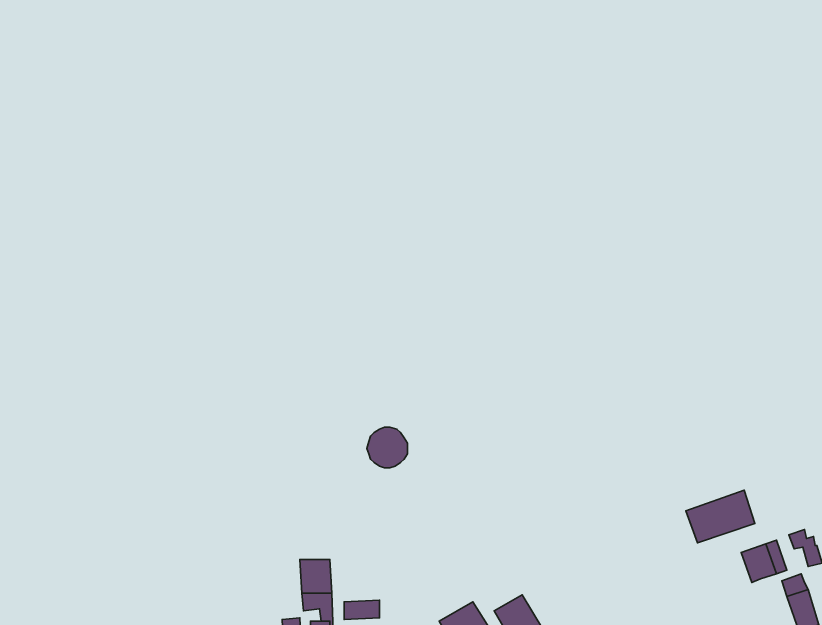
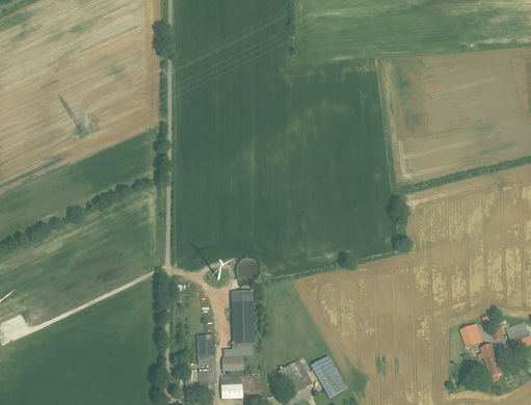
building: [686,490,755,543] -> none
building: none -> [232,301,255,344]

